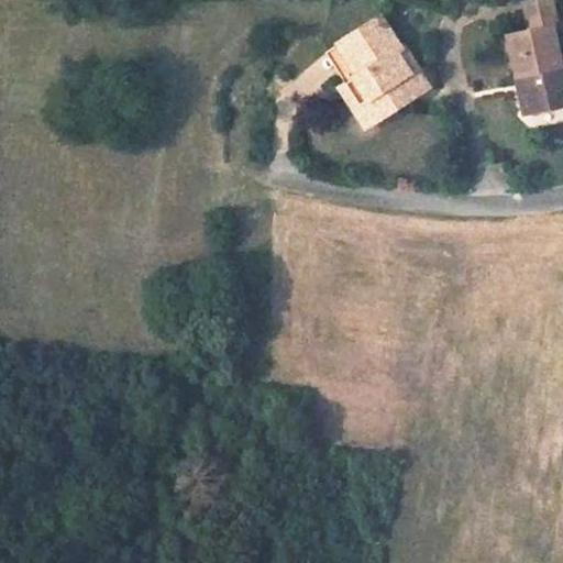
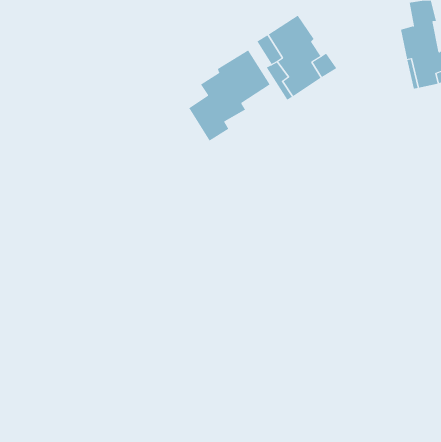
building: none -> [189,50,271,141]

